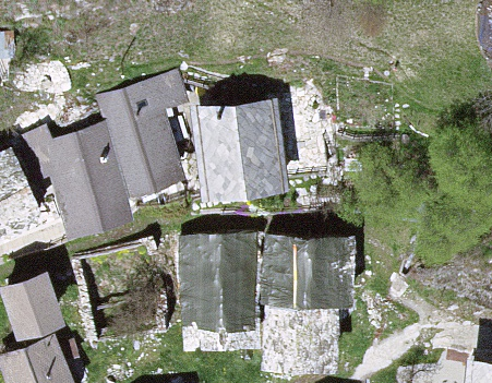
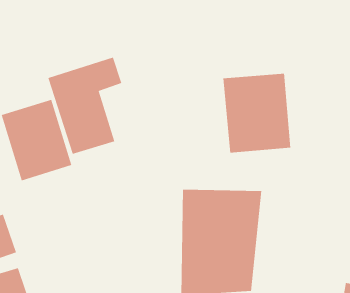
building: [190,100,275,200] -> [222,73,291,153]
building: [181,240,261,349] -> none

